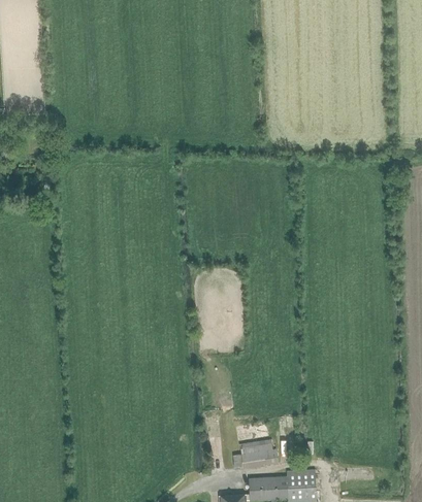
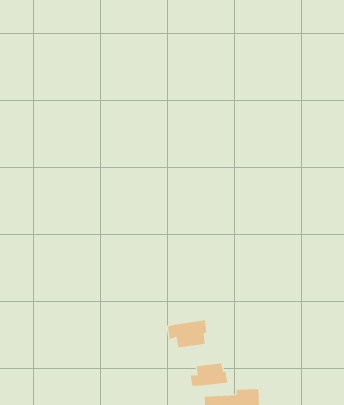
building: none -> [167,319,207,348]

